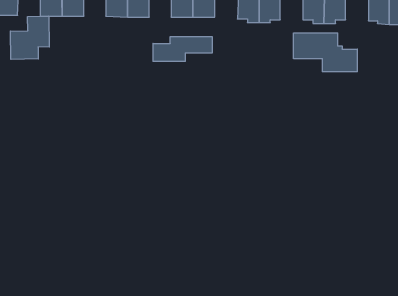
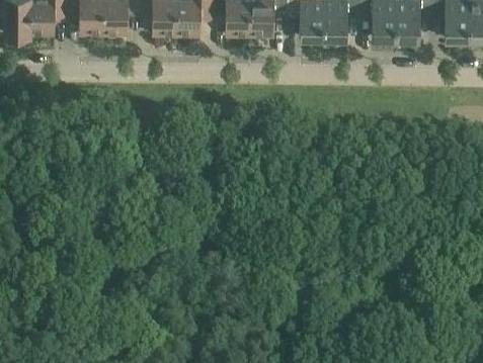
building: [10,16,49,59] -> none
building: [294,33,357,72] -> none
building: [153,37,212,61] -> none

